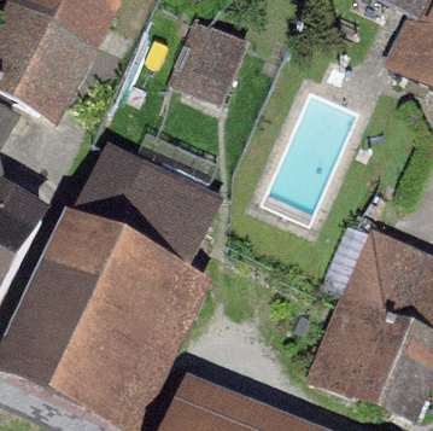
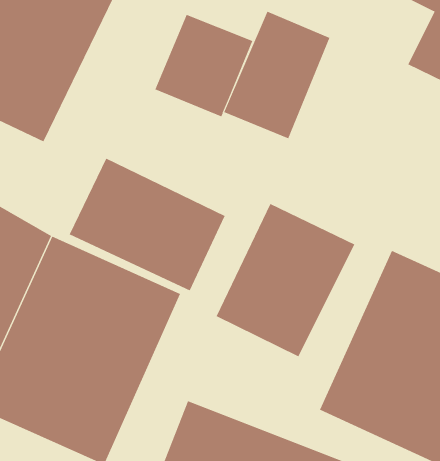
building: none -> [224,11,330,139]
building: none -> [216,203,355,357]

